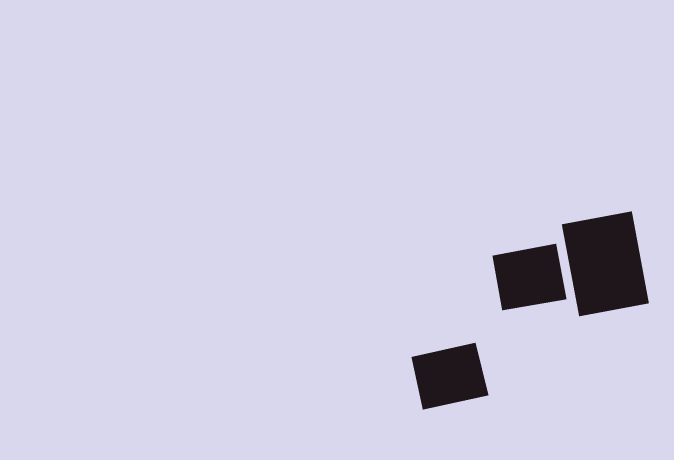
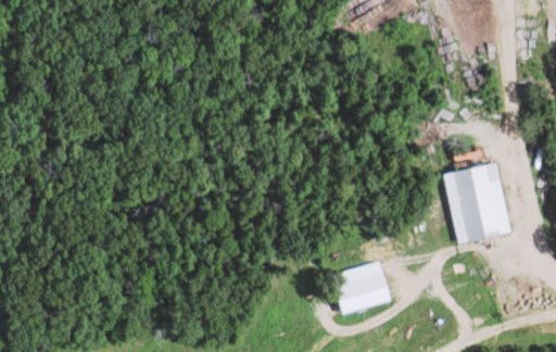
building: [491,243,568,311] -> none

